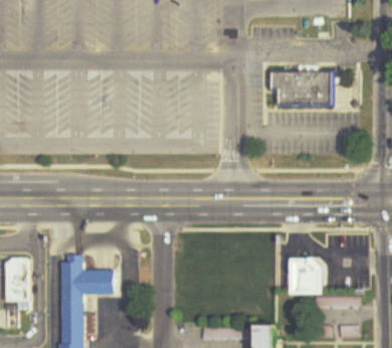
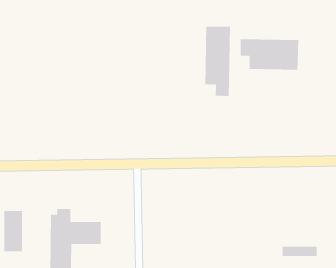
building: none -> [205,26,230,97]
building: [288,257,322,294] -> none

